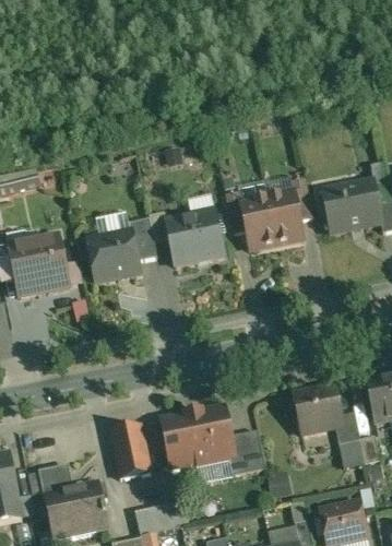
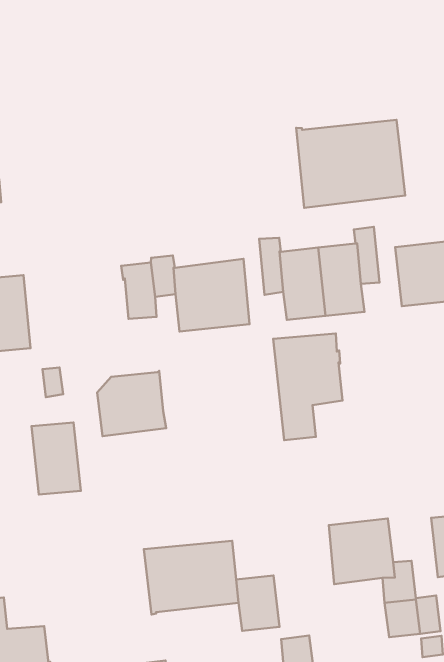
building: none -> [296,120,405,208]
building: [90,232,141,282] -> [97,371,166,436]
building: none -> [273,334,343,440]
building: [110,424,150,477] -> [32,422,81,495]

